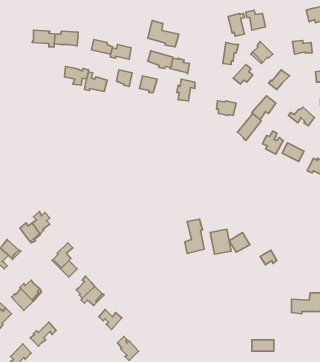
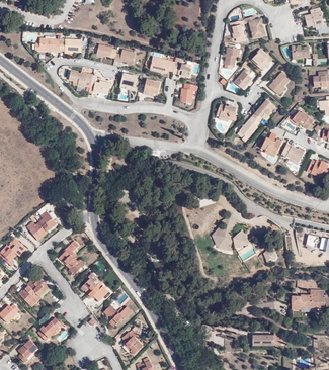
building: [148,20,179,47] -> none
building: [185,219,204,254] -> none

